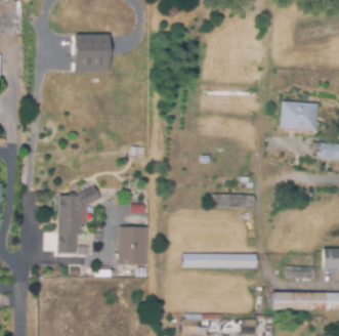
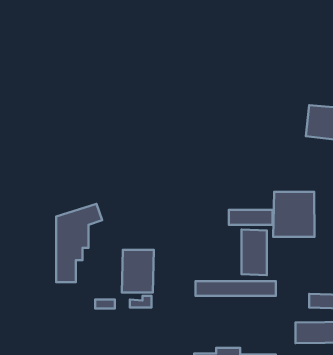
building: [73,35,105,71] -> none
building: none -> [273,192,315,237]
building: none -> [242,230,267,275]

